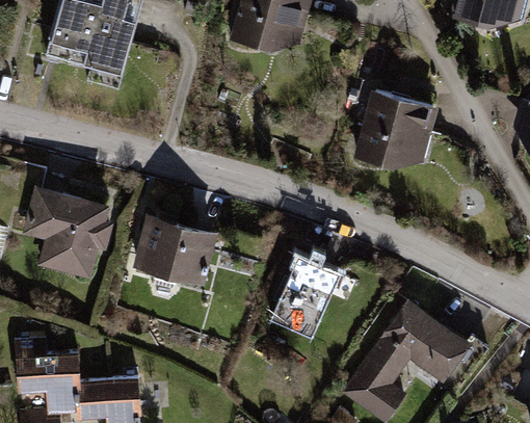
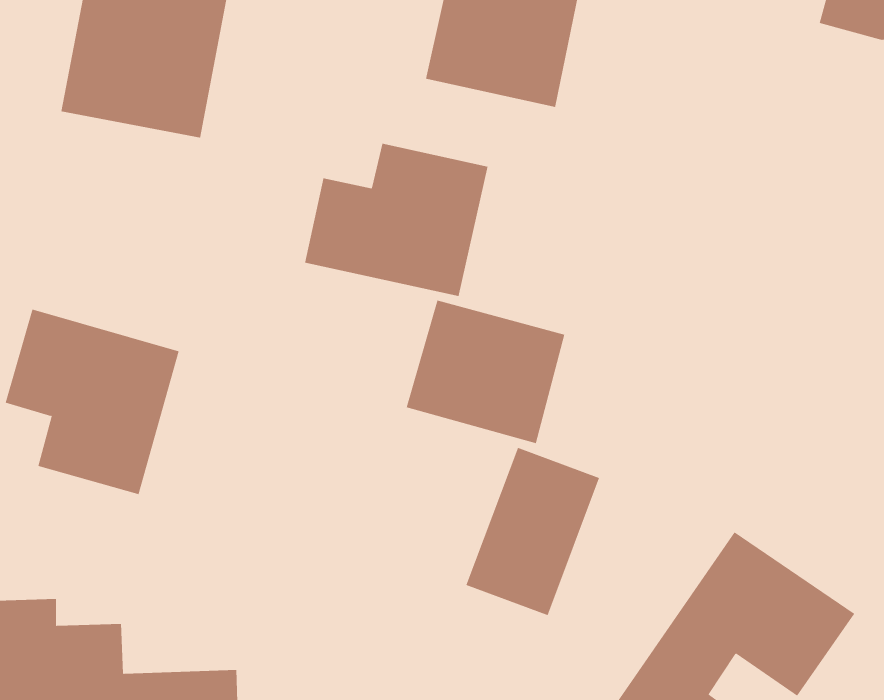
building: none -> [305,143,488,297]
building: [356,94,434,175] -> none
building: [128,209,214,287] -> [406,300,565,444]

